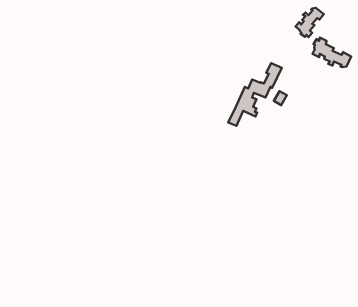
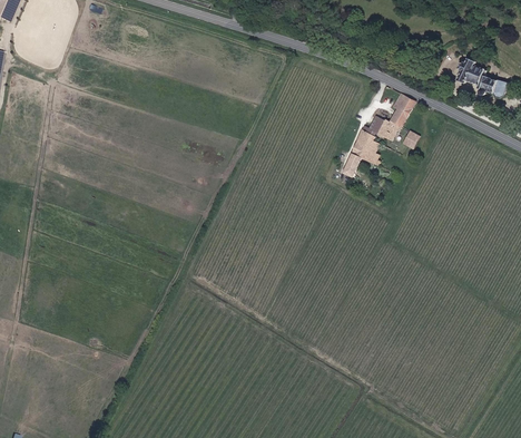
building: [295,8,324,37] -> none

